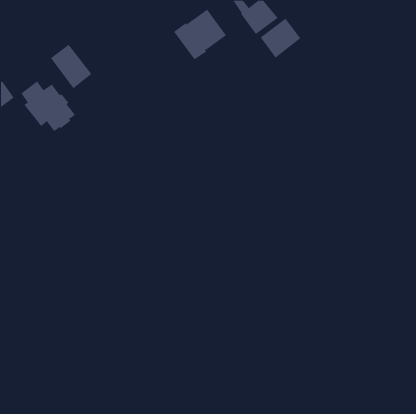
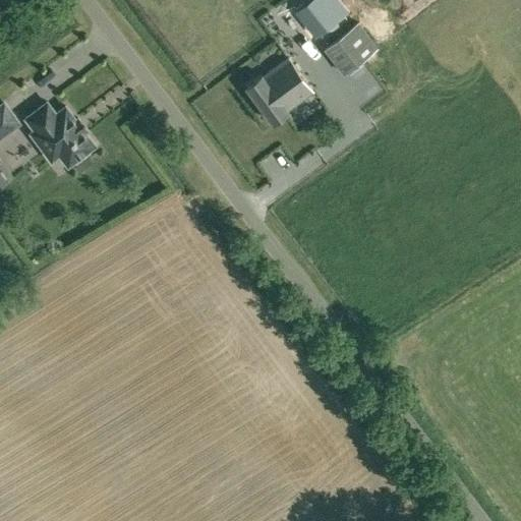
building: [173,9,227,60] -> [245,59,312,123]
building: [50,44,92,89] -> none

